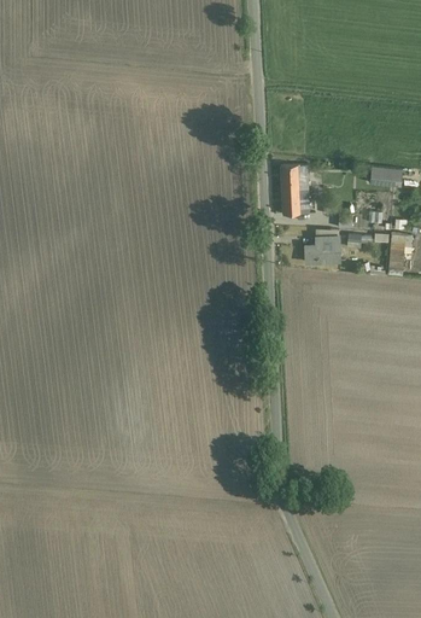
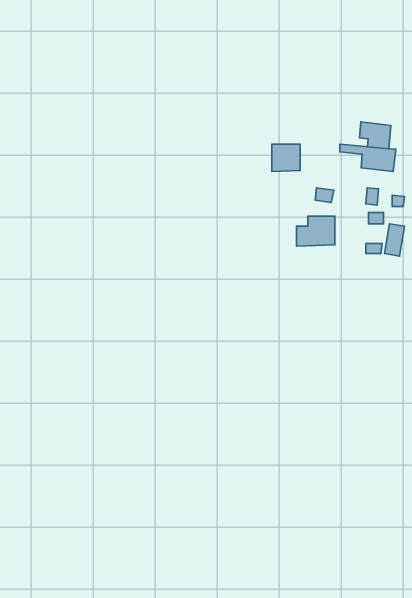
building: none -> [360,122,391,149]
building: [280,190,309,214] -> none

